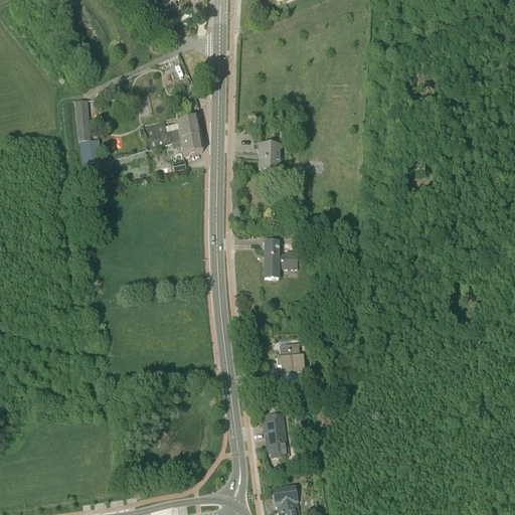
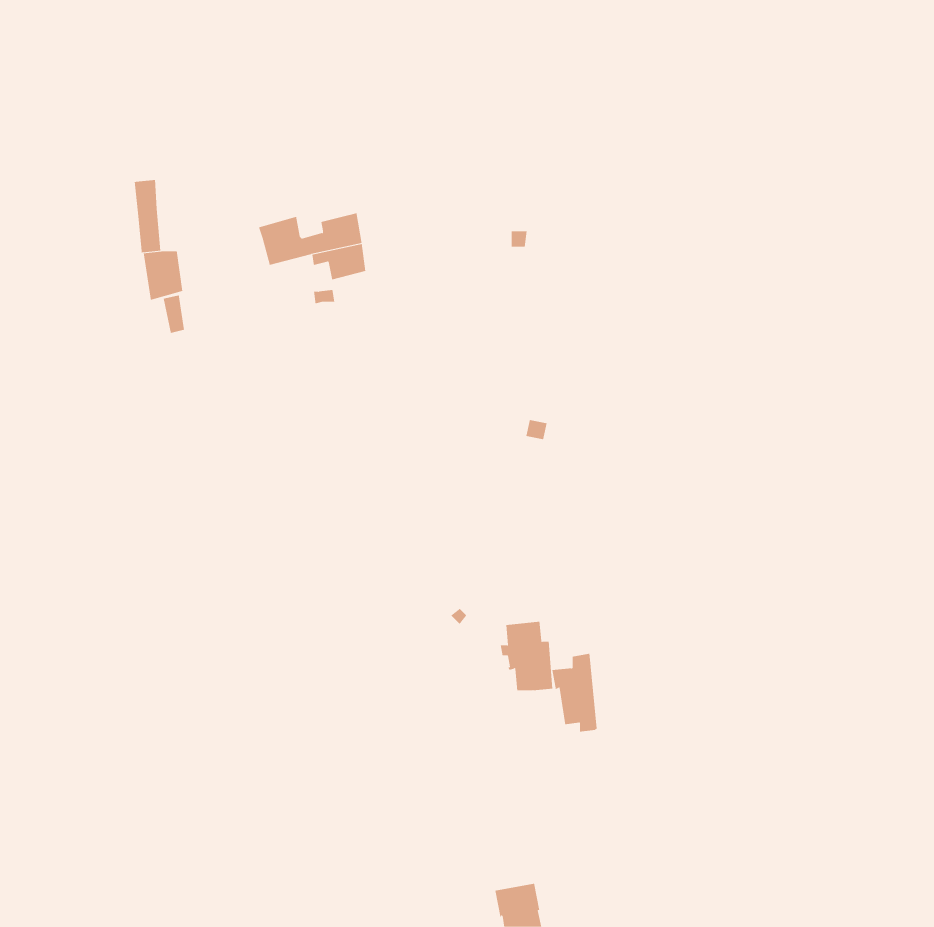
building: [251,141,281,167] -> none
building: [261,239,296,277] -> none
building: [262,411,287,455] -> [552,653,597,732]

